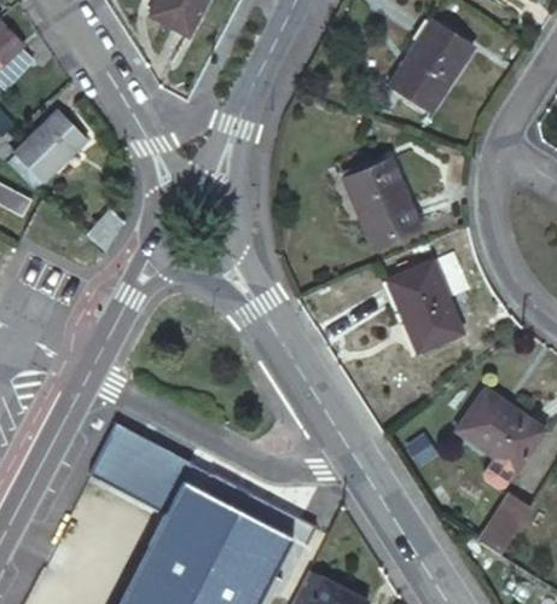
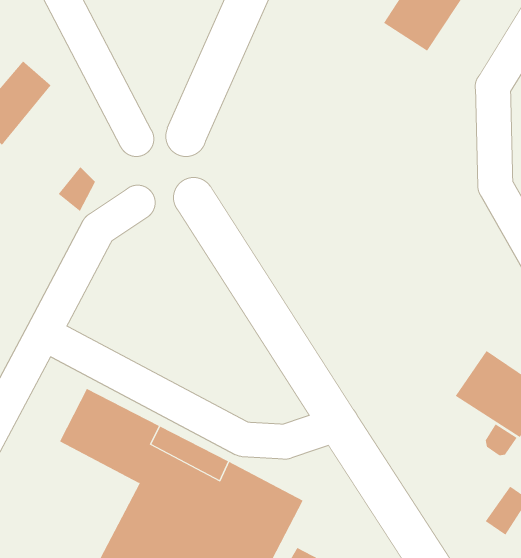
building: [342,157,419,246] -> none
building: [385,259,462,350] -> none

